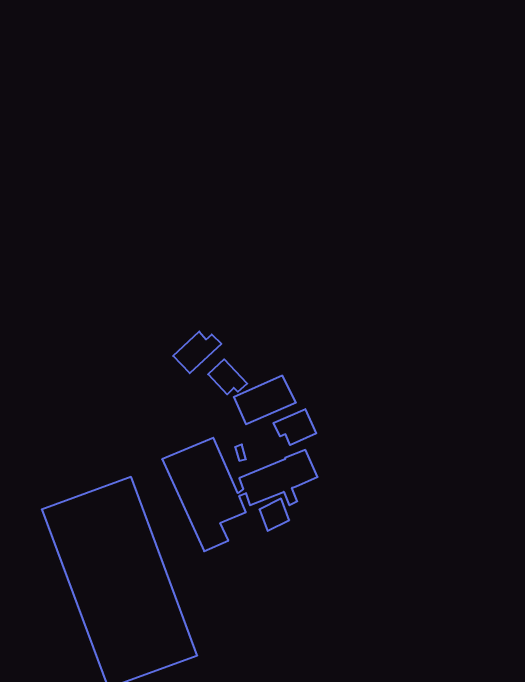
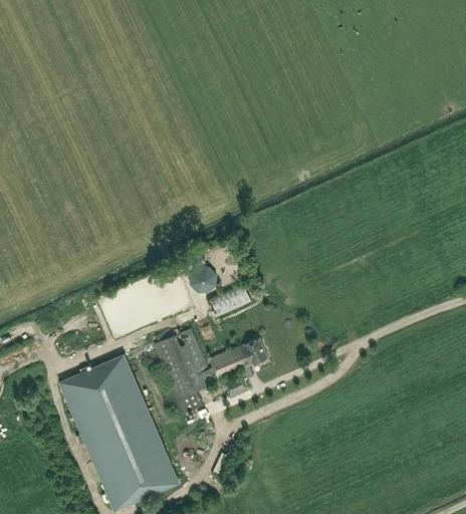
building: [173,331,221,373] -> none
building: [273,409,316,445] -> none

